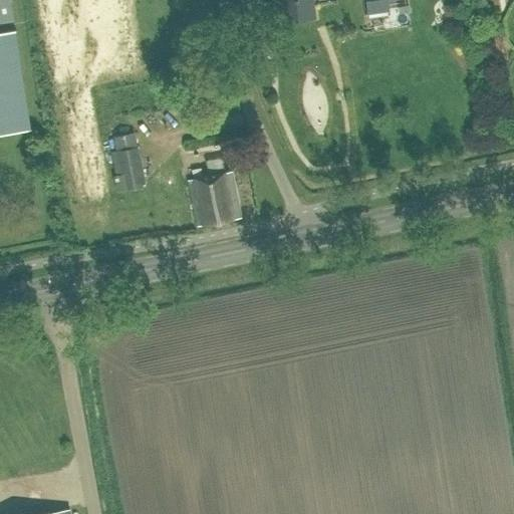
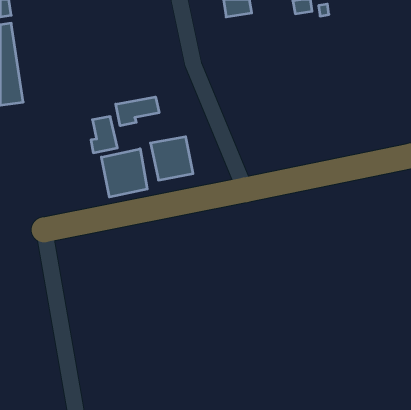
building: none -> [116,97,159,126]
building: none -> [101,149,147,197]

